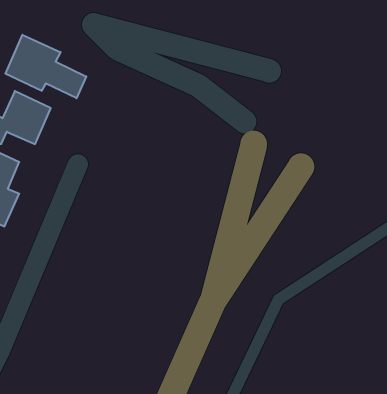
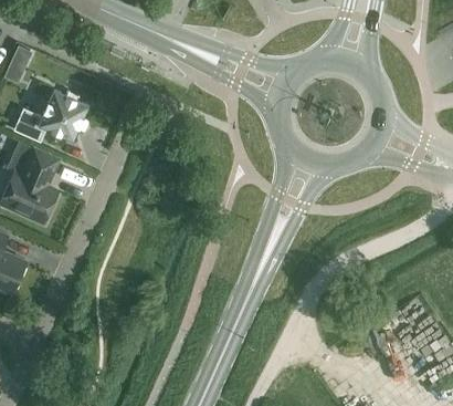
building: [5,35,86,98] -> none

